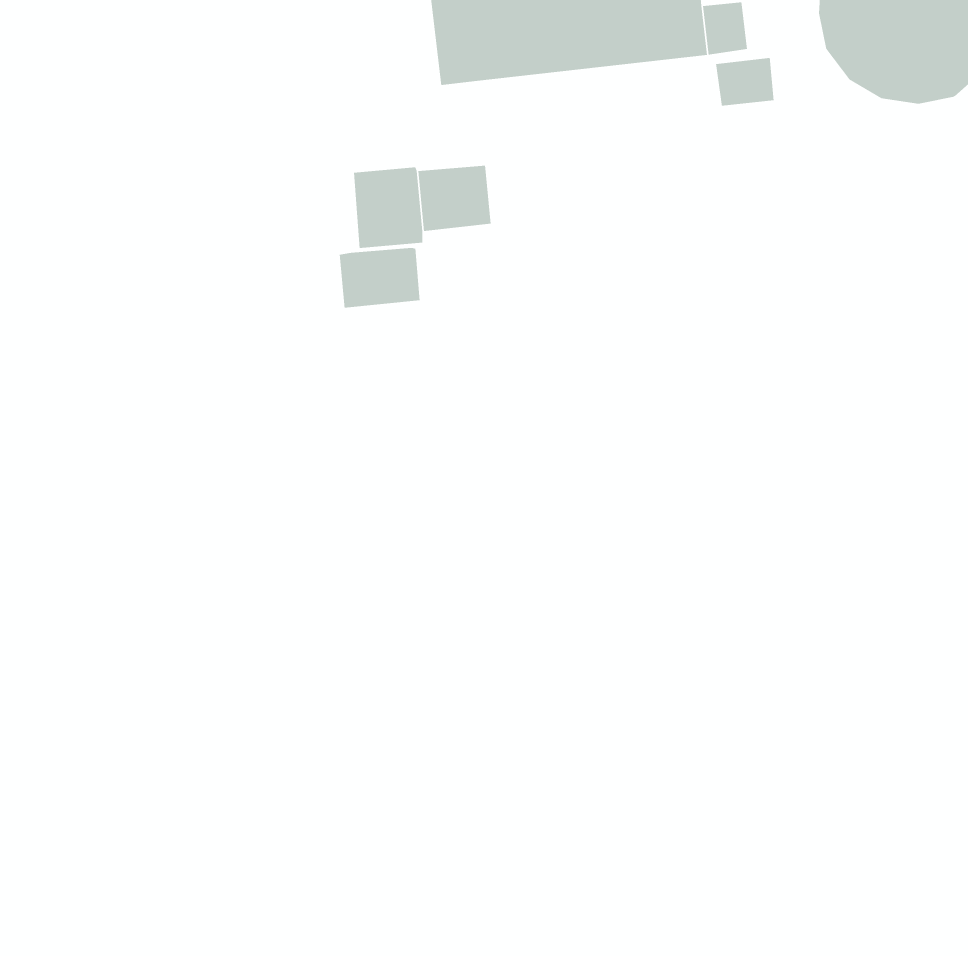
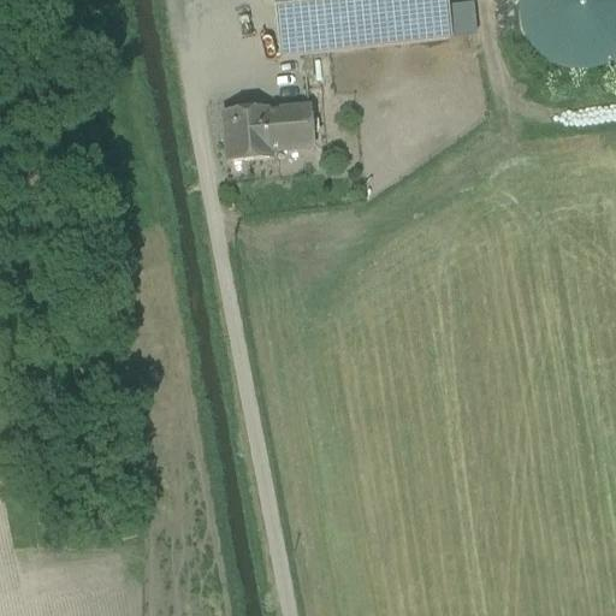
building: [716,57,774,107] -> none
building: [339,247,420,308] -> none

